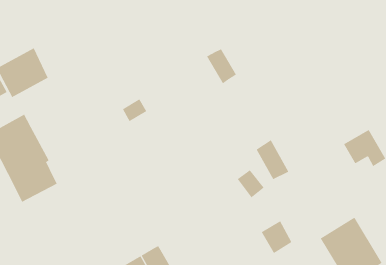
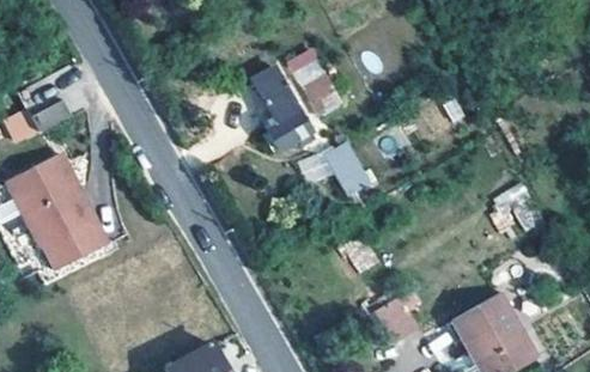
building: none -> [254,67,312,150]
building: [256,140,289,180] -> [327,139,371,193]

